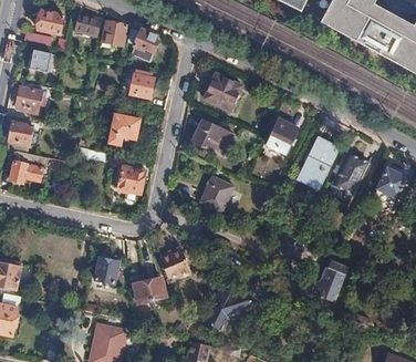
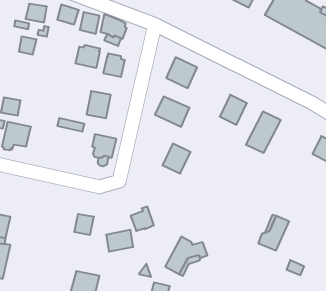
building: none -> [76,45,100,68]
building: [18,85,46,110] -> none
building: [333,152,368,194] -> none

